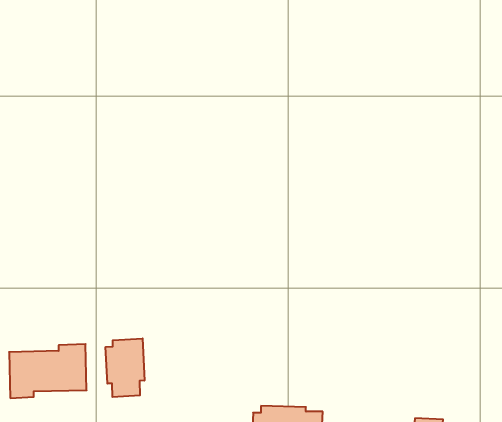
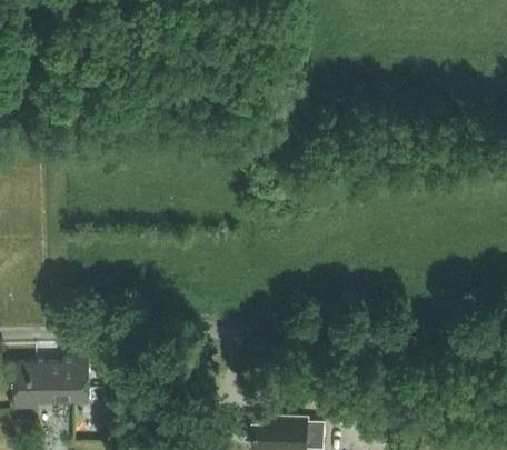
building: [106,338,144,397] -> none

